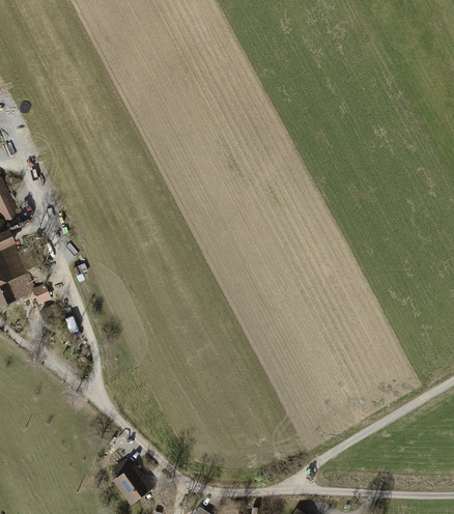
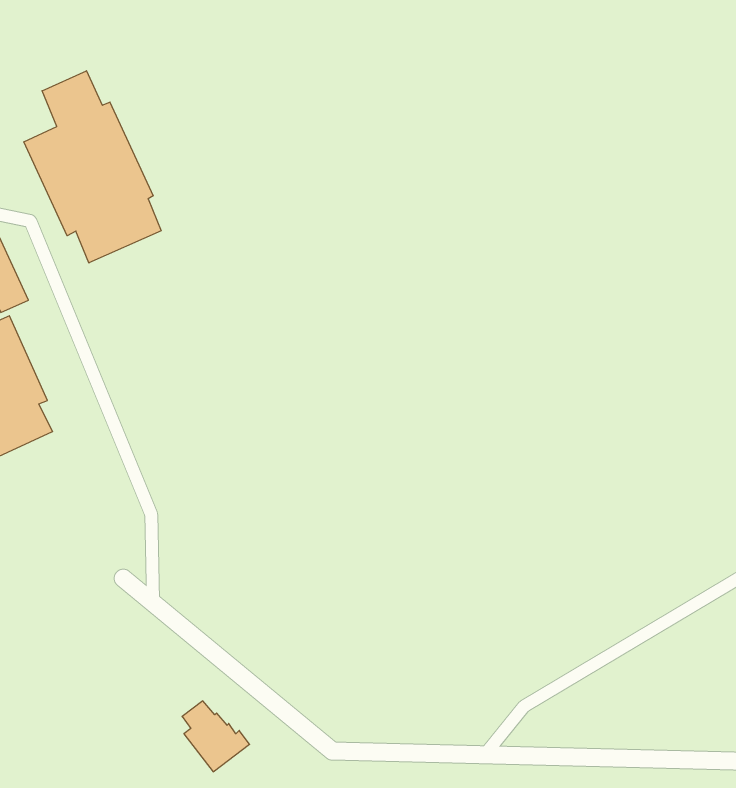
building: none -> [24,71,161,263]

